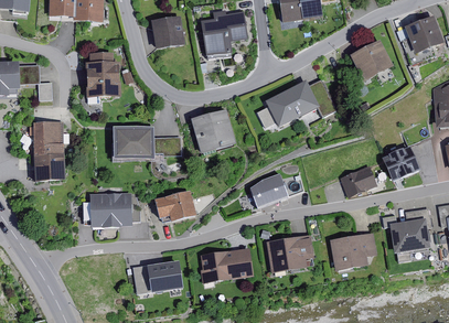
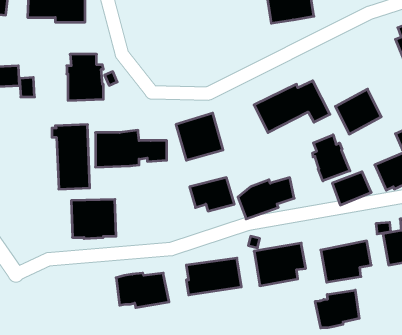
building: [201,10,248,56] -> none
building: [150,17,184,50] -> none
building: [349,40,393,83] -> [335,89,381,134]
building: [29,121,65,183] -> [52,125,90,189]
building: none -> [313,135,350,181]
building: [153,192,196,224] -> [190,178,234,211]
building: none -> [315,290,359,328]

